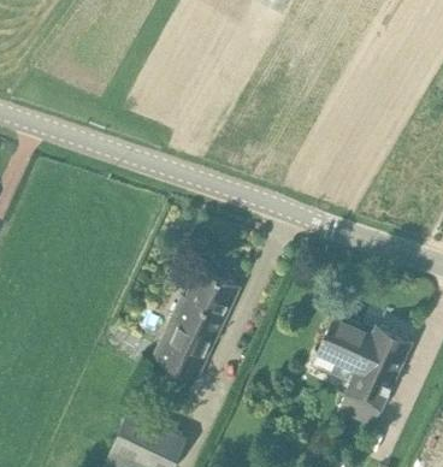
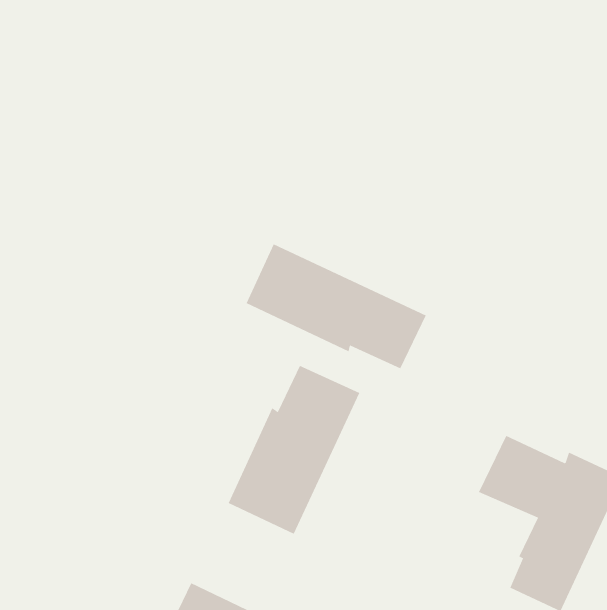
building: none -> [246,244,427,369]

